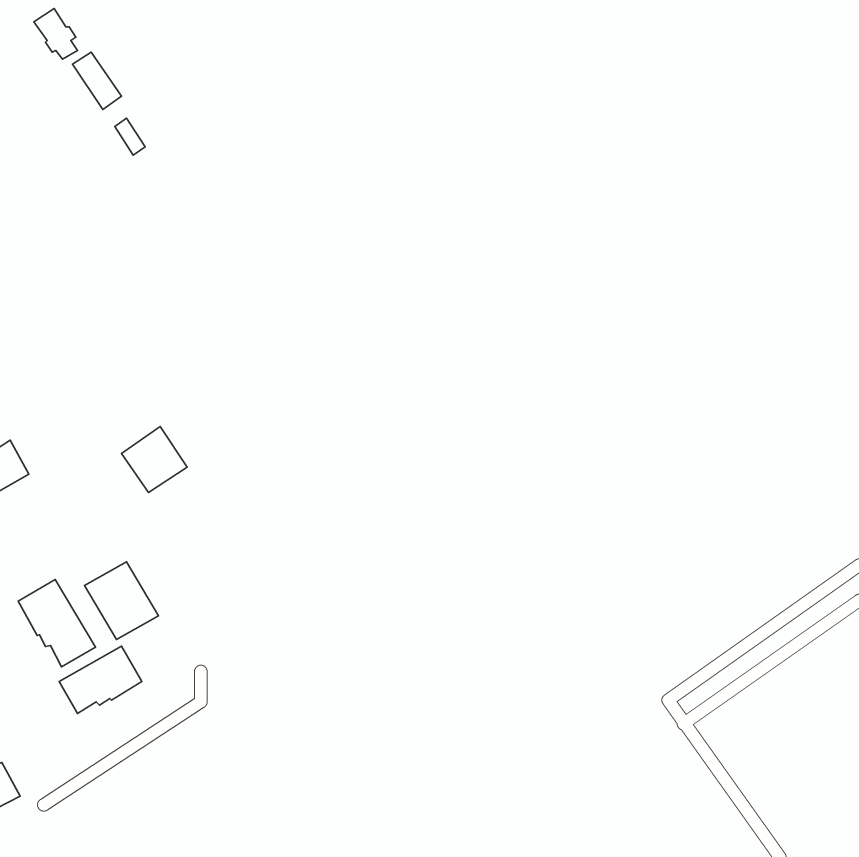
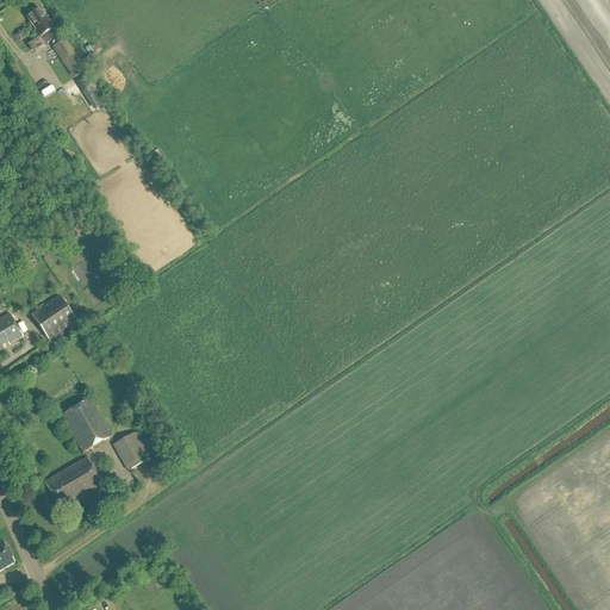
building: [121,427,187,492] -> [30,293,76,340]
building: [18,579,95,667] -> none
building: none -> [111,430,147,467]

